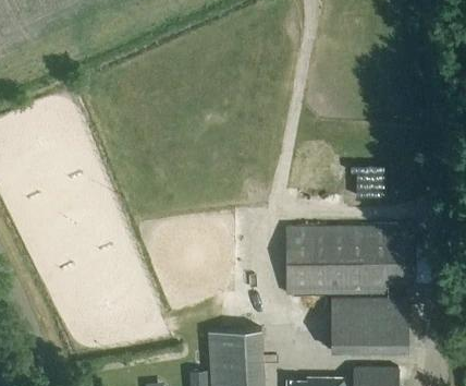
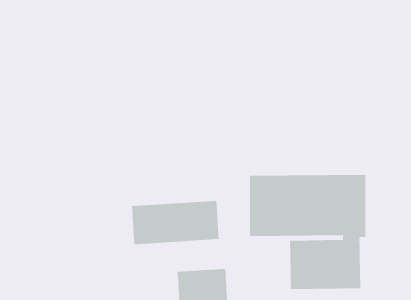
building: none -> [131,200,219,245]

